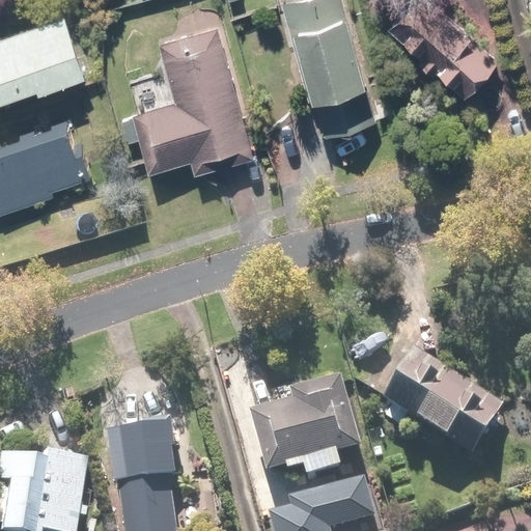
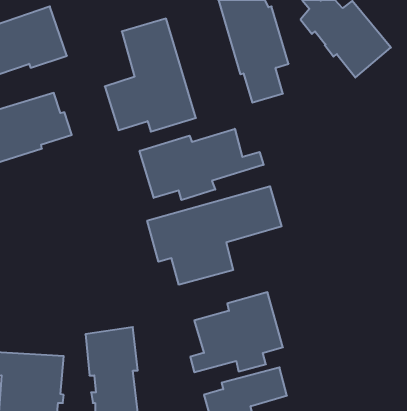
building: none -> [140,129,264,200]
building: none -> [147,186,282,285]
building: [381,350,507,462] -> none

